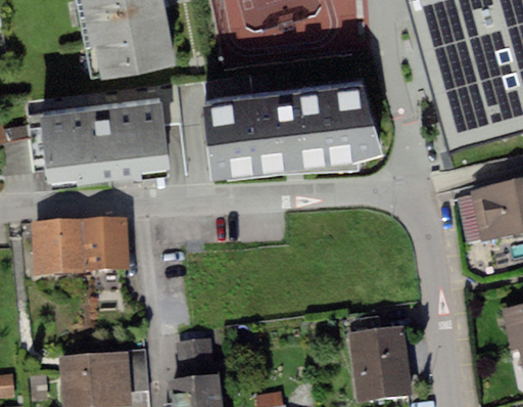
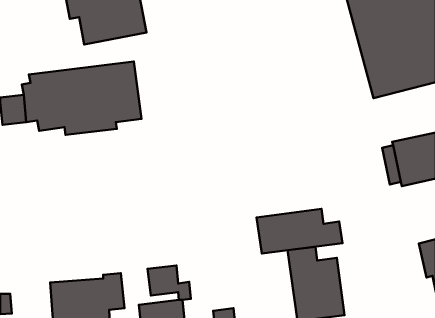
building: [203,78,383,177] -> none
building: [32,222,131,279] -> none
building: none -> [256,209,342,253]

